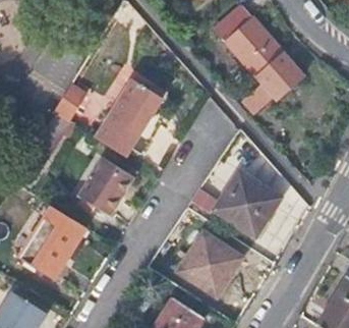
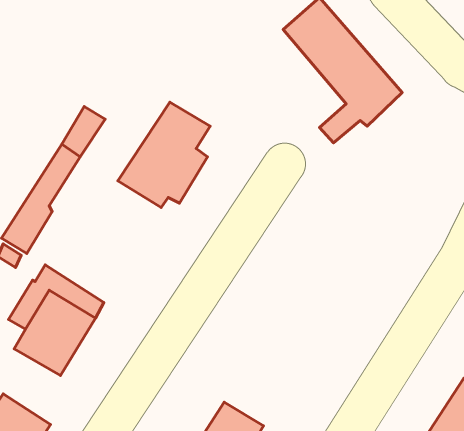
building: [214,144,280,236] -> none
building: [78,158,132,216] -> none
building: [179,232,240,292] -> none

